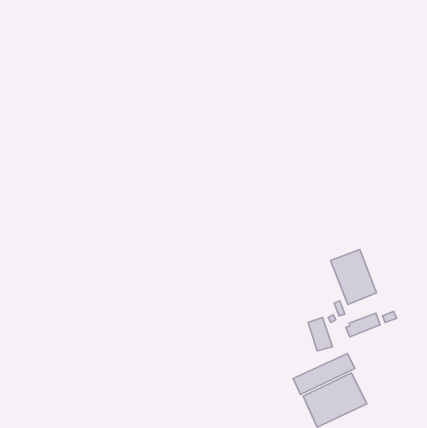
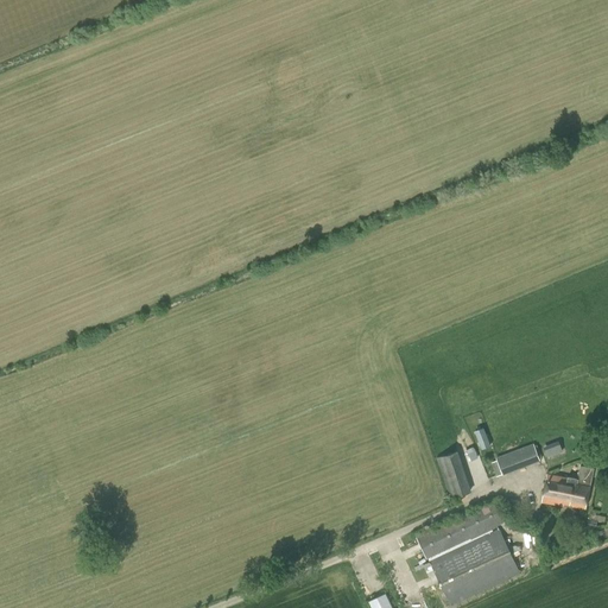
building: [331,249,377,305] -> none
building: none -> [544,466,593,509]

